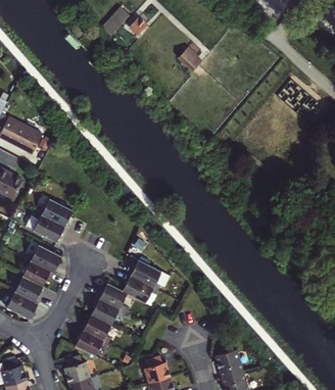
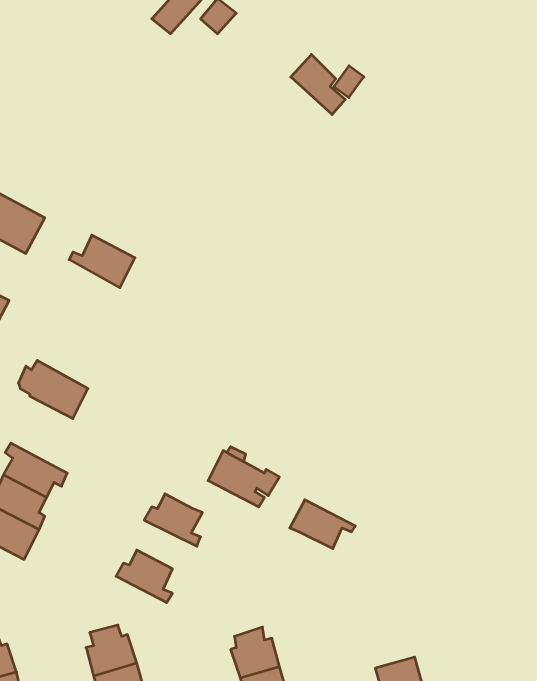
building: [38,198,74,227] -> [69,235,135,288]
building: [23,243,62,273] -> none
building: [123,277,158,303] -> [290,500,355,549]
building: [92,298,125,325] -> none
building: [76,329,108,356] -> none
building: [214,350,243,379] -> none

